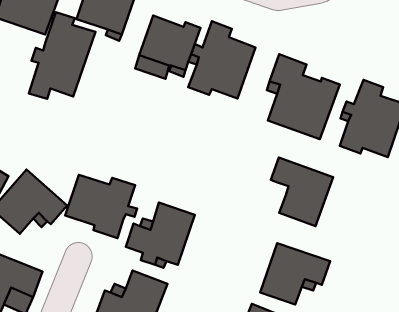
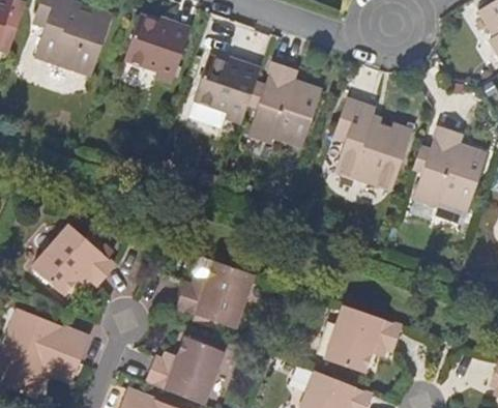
building: [29,12,96,99] -> none
building: [271,158,333,226] -> none
building: [65,175,137,238] -> none

